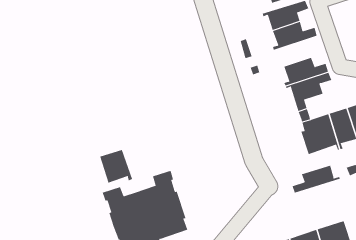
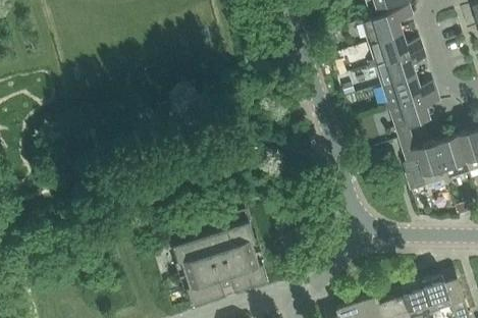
building: none -> [370,50,426,87]
building: [100,149,133,183] -> none
building: [292,165,341,193] -> none

